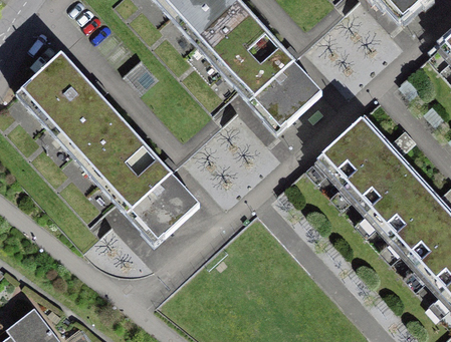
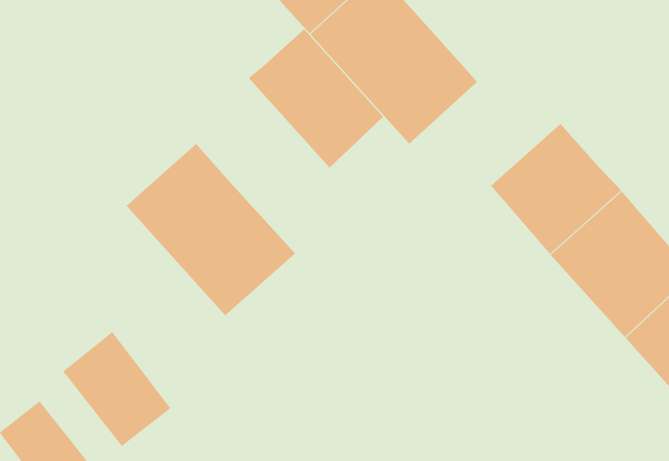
building: [16,53,132,170] -> none
building: none -> [248,28,384,168]
building: none -> [63,331,171,447]

